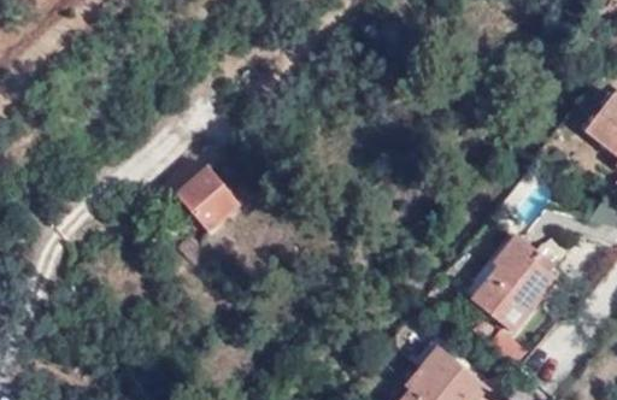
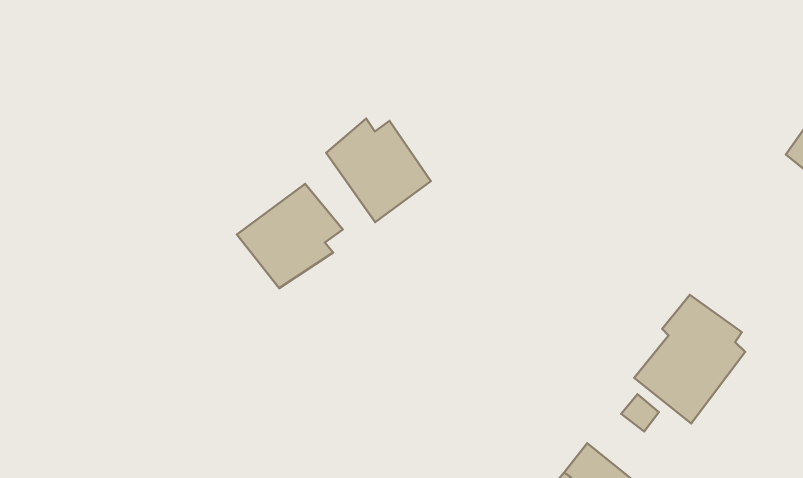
building: none -> [326,119,431,222]

